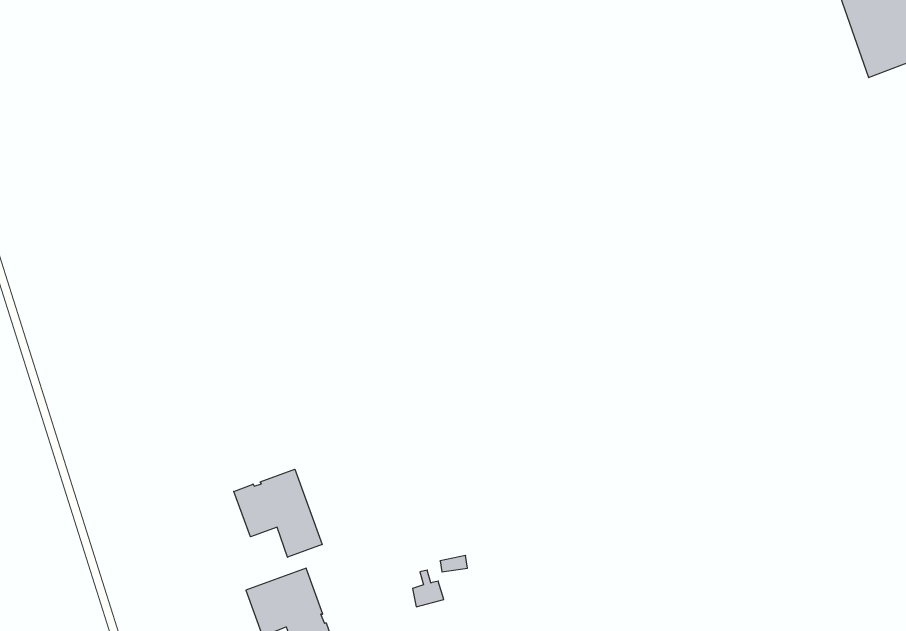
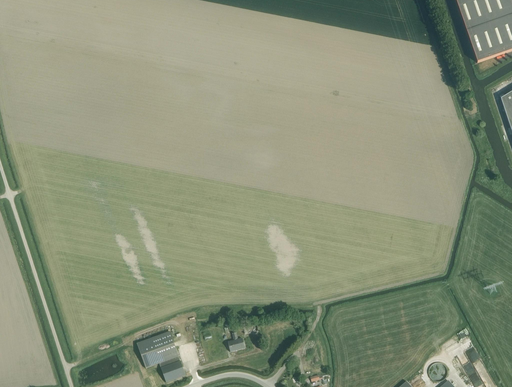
building: [234,469,322,557] -> none

